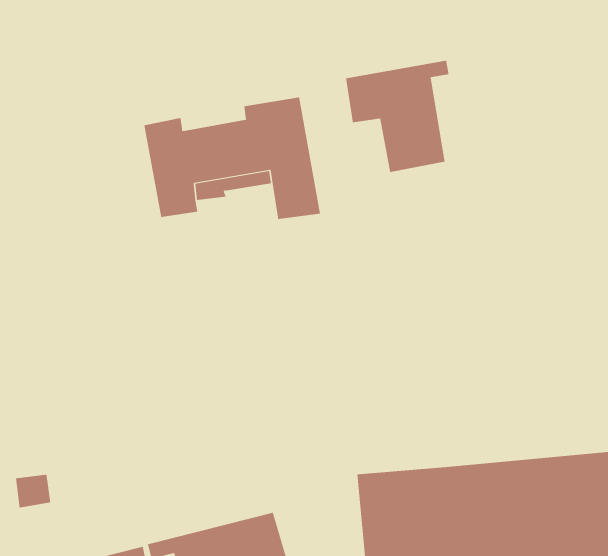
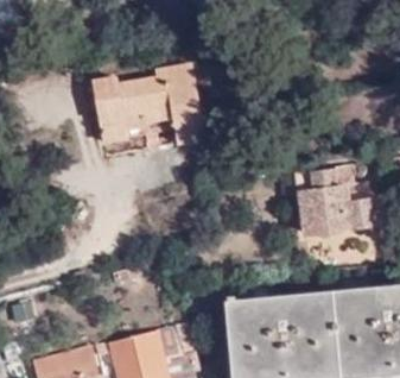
building: [346,60,449,173] -> none
building: none -> [292,165,373,232]

